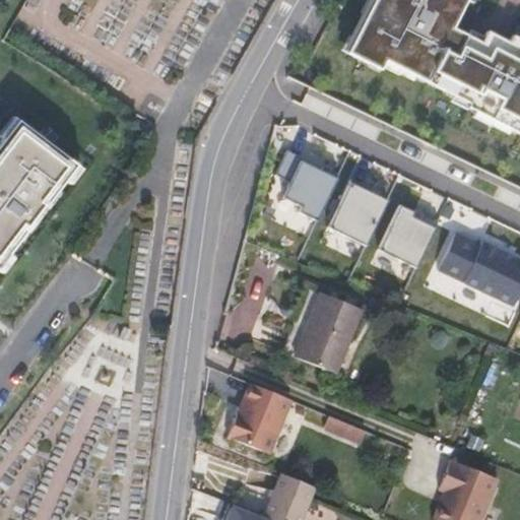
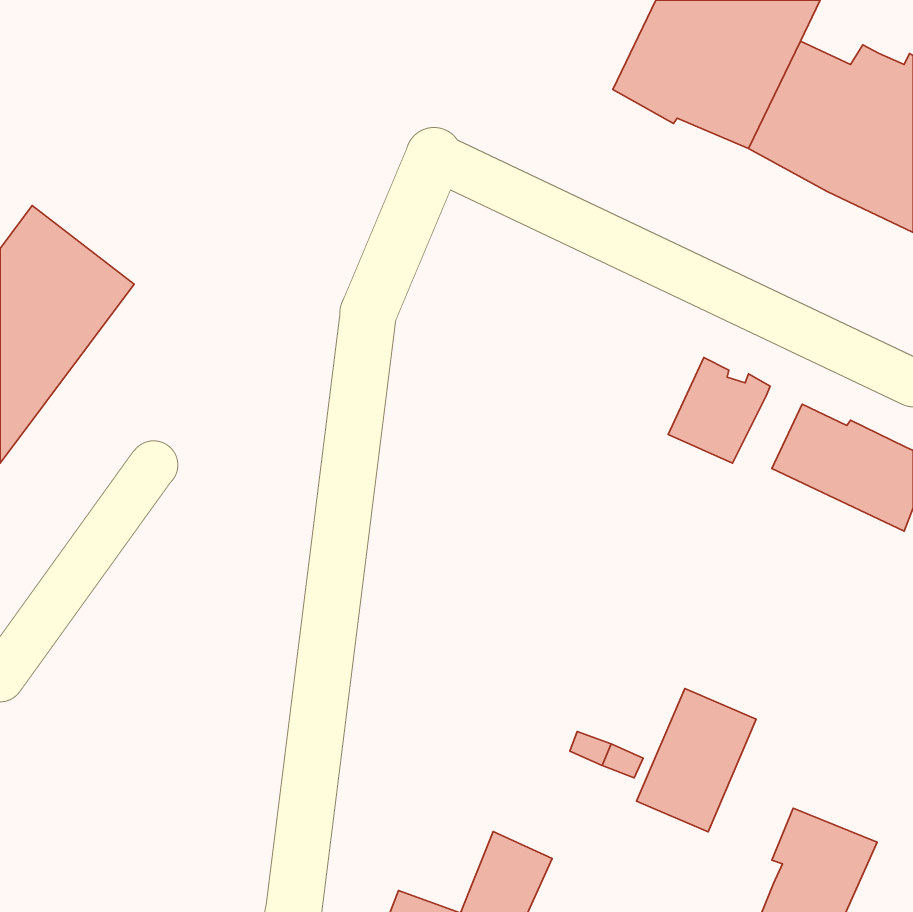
building: [277,147,340,218] -> none
building: [330,177,388,243] -> none
building: [292,294,361,375] -> [637,689,756,832]
building: [228,384,290,455] -> none

